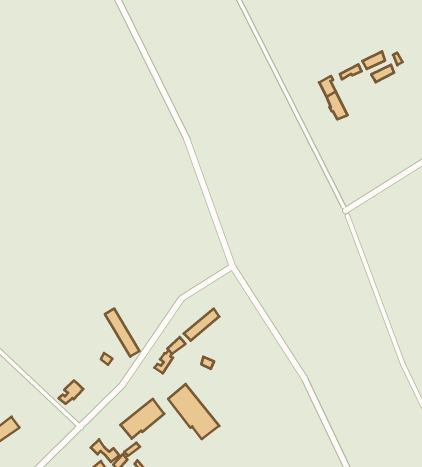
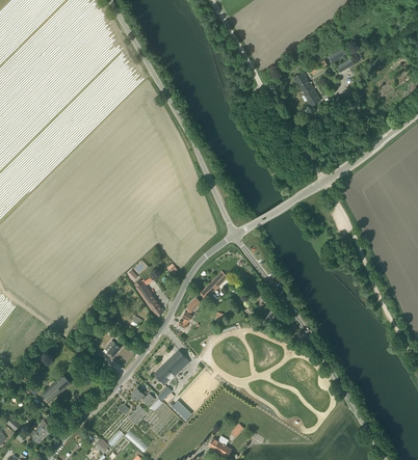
building: [168,384,219,439] -> none

